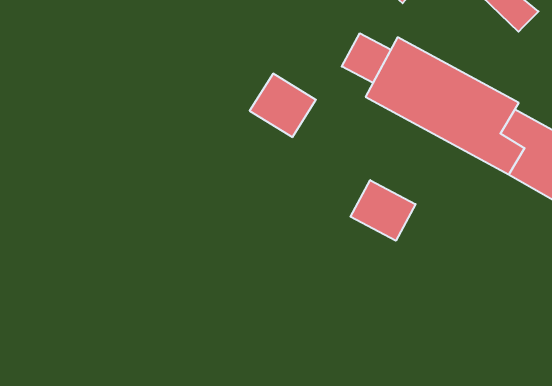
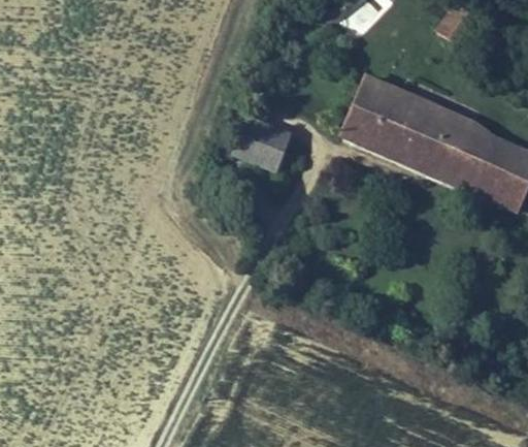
building: [342,33,391,83] -> none
building: [350,180,416,241] -> none

